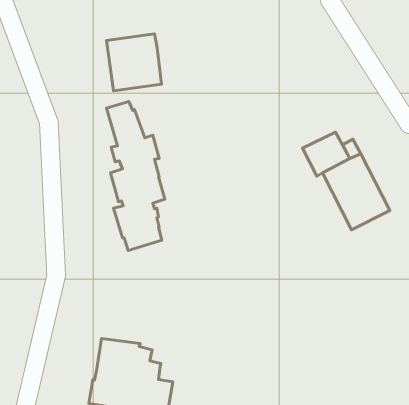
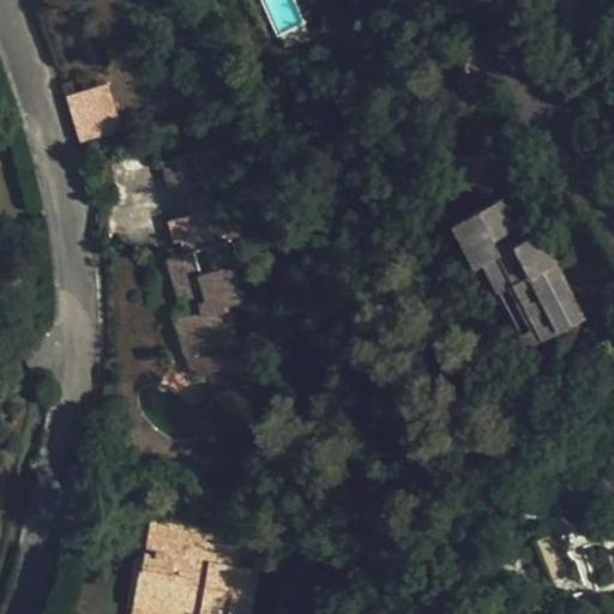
building: [107,34,162,91] -> none
building: none -> [65,89,120,148]

